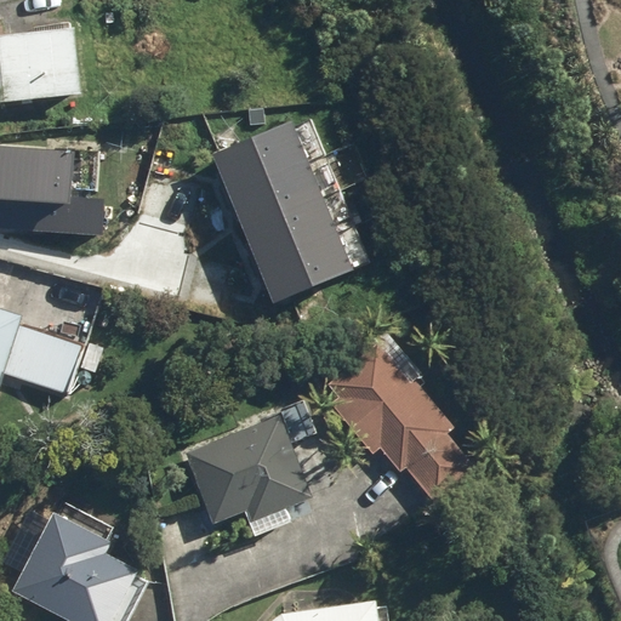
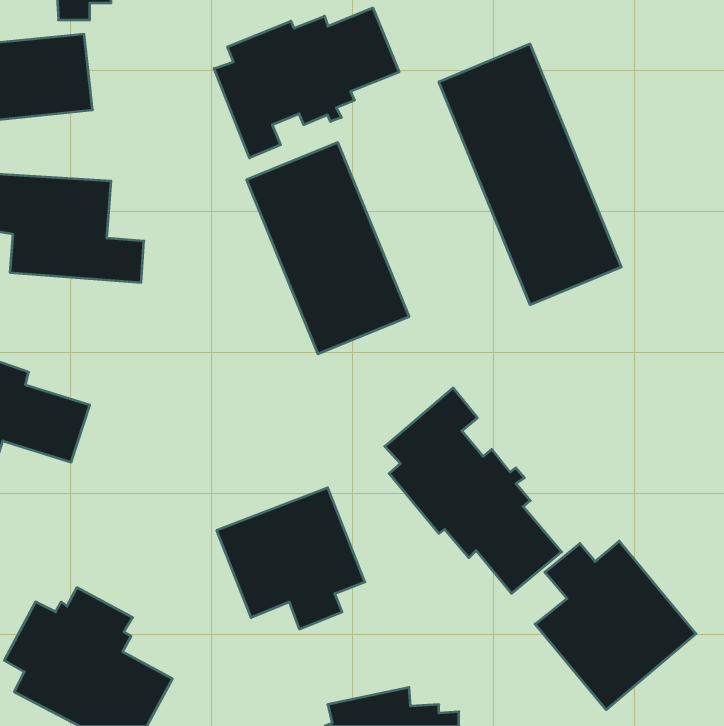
building: none -> [214,8,399,158]
building: none -> [439,44,621,305]
building: none -> [535,541,696,710]

